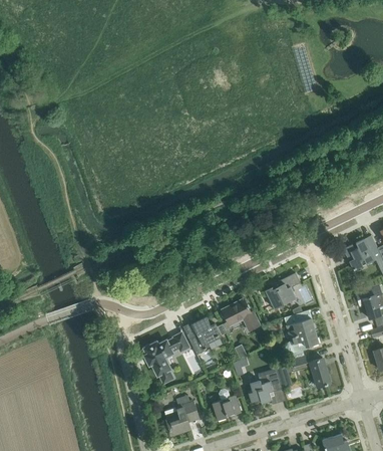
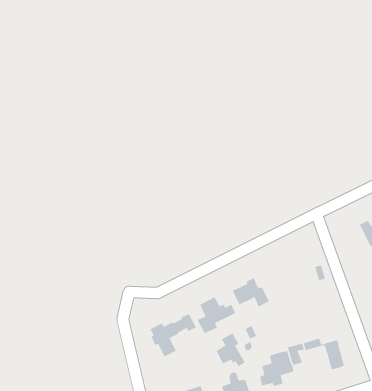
building: [266,273,301,304] -> none
building: [285,310,319,355] -> none
building: none -> [215,333,245,368]

